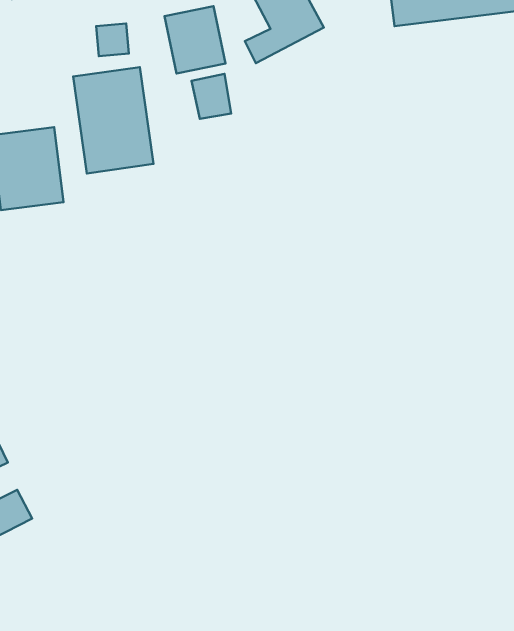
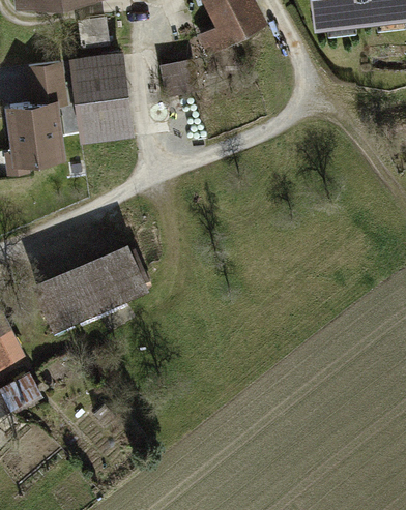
building: [165,6,225,74] -> none
building: none -> [27,64,64,101]
building: none -> [34,249,146,330]

